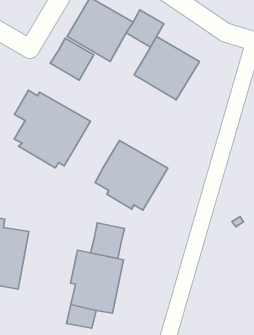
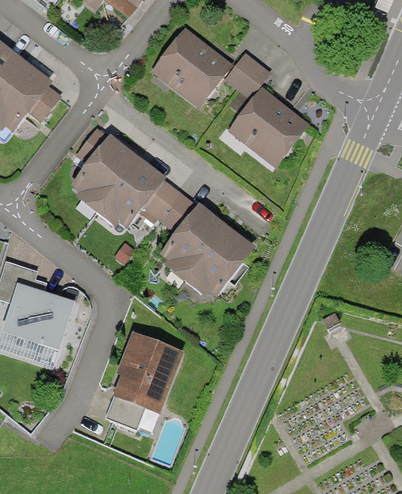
building: [50,38,94,80] -> none
building: none -> [139,182,197,235]
building: [91,223,124,259] -> none

